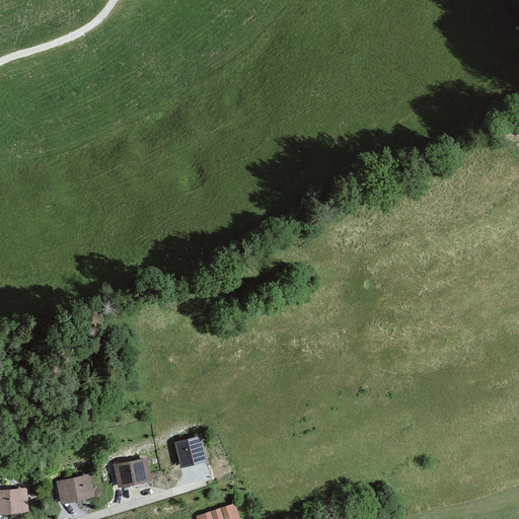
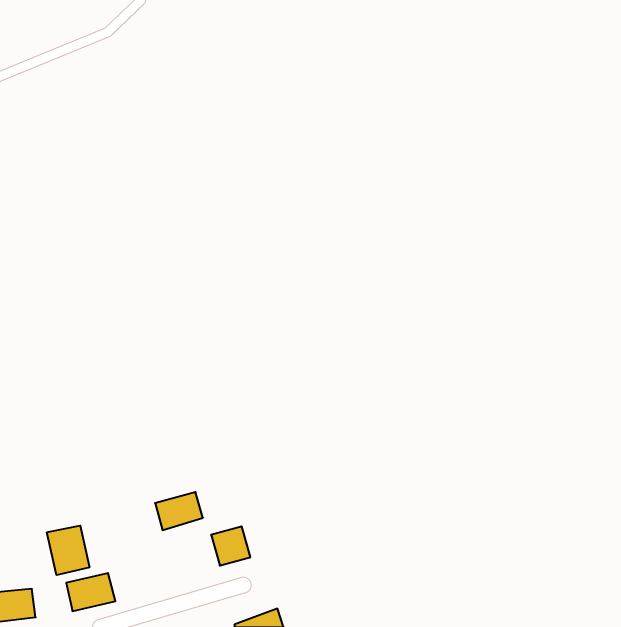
building: none -> [47,526,89,575]
building: [114,457,153,489] -> [155,492,203,530]

